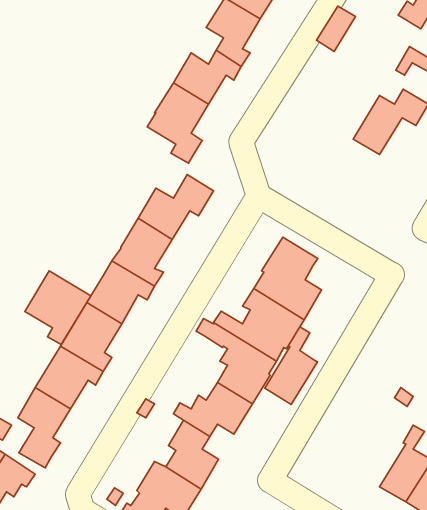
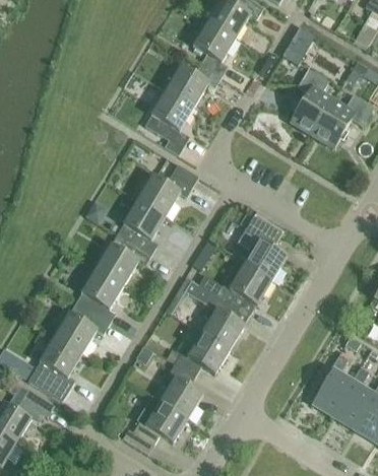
building: none -> [291,68,333,135]
building: [25,271,91,344] -> none
building: [265,327,318,404] -> [312,353,355,416]

